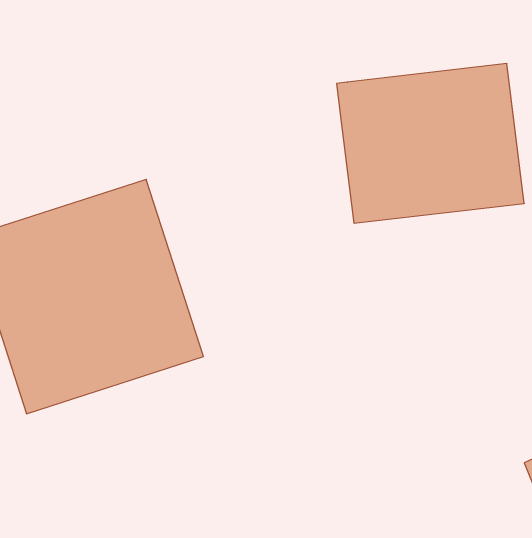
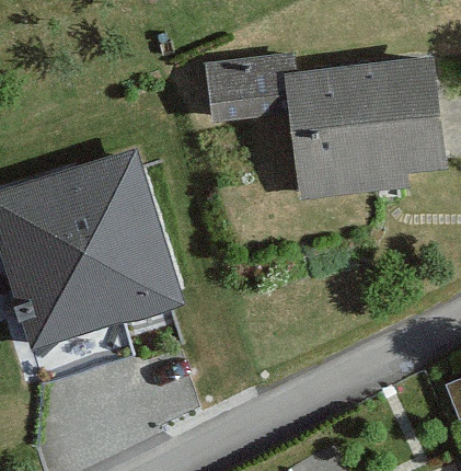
building: none -> [200,54,298,123]

